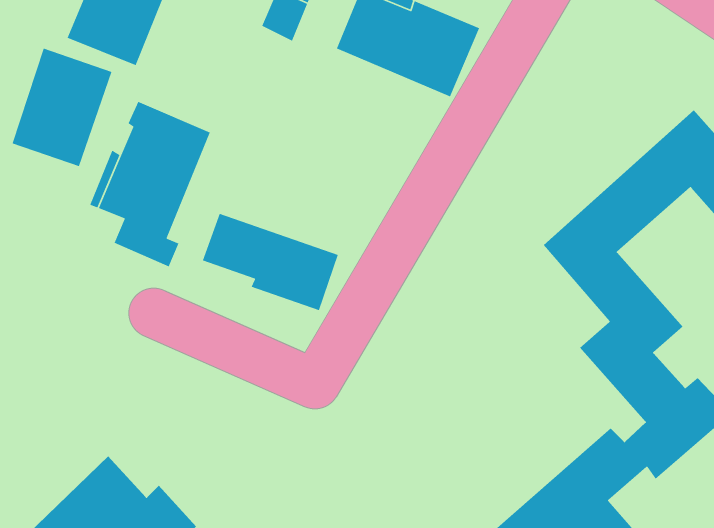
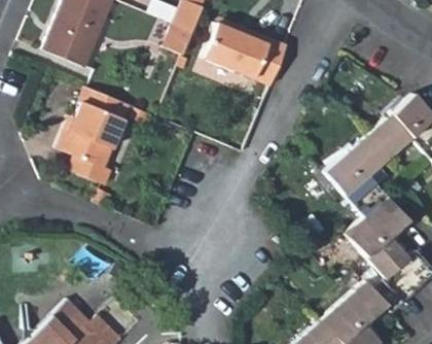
building: [11,47,113,167] -> none
building: [202,213,339,311] -> none

